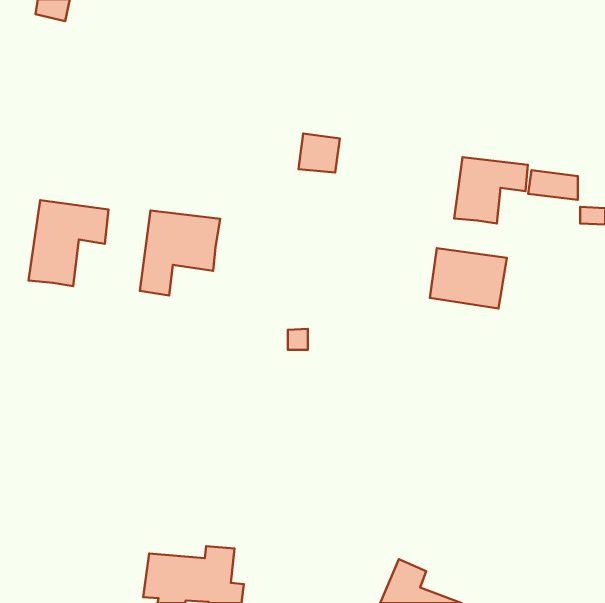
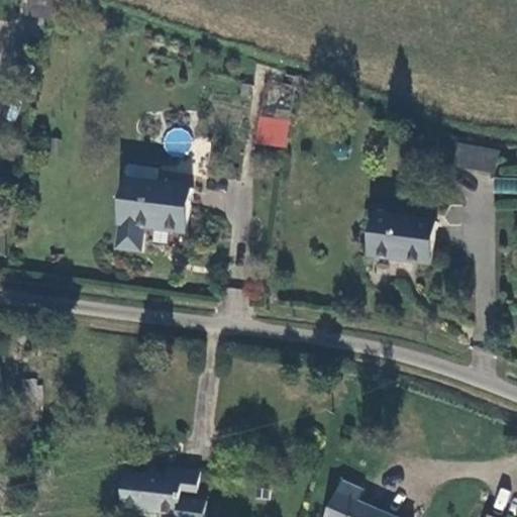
building: [454,157,528,223] -> none
building: [29,200,109,286] -> none

